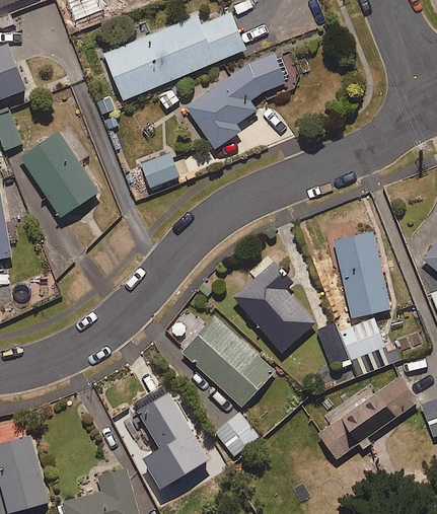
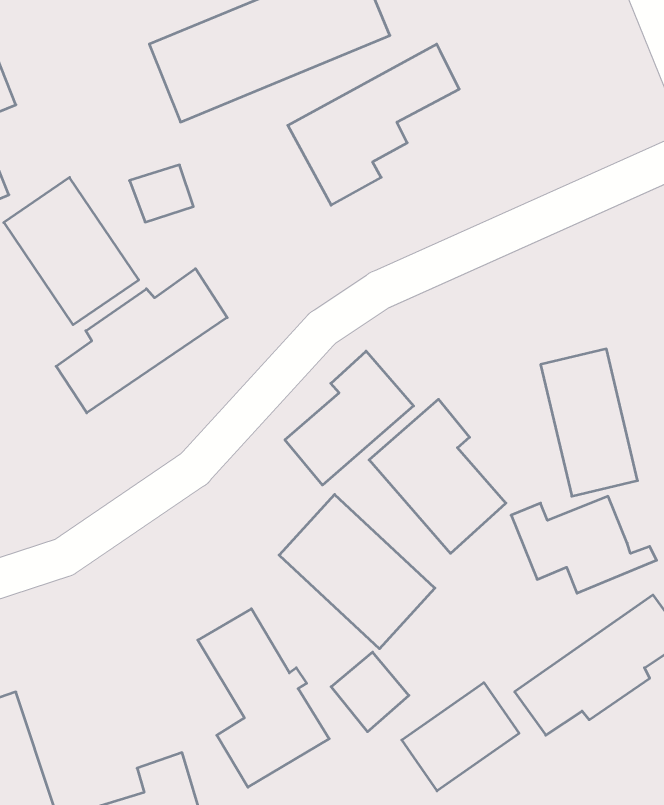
building: [140,153,177,187] -> [129,165,193,222]
building: none -> [56,269,227,413]
building: none -> [285,351,414,485]
building: none -> [402,683,519,791]

